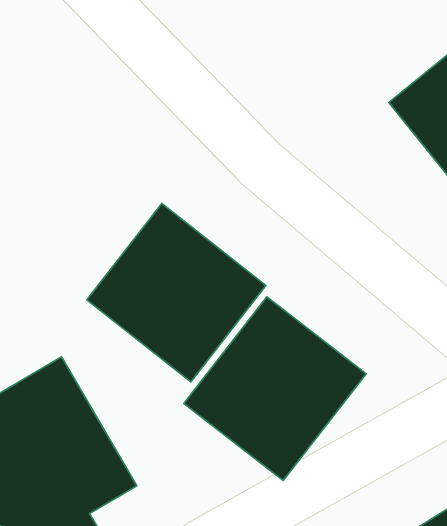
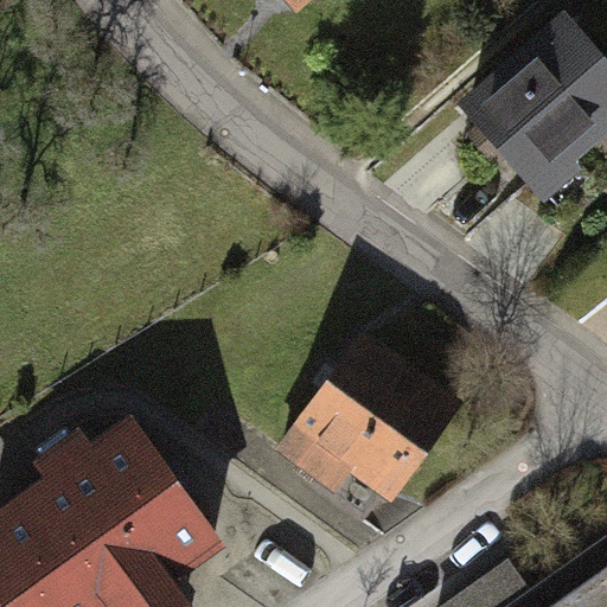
building: [87,204,266,382] -> none

